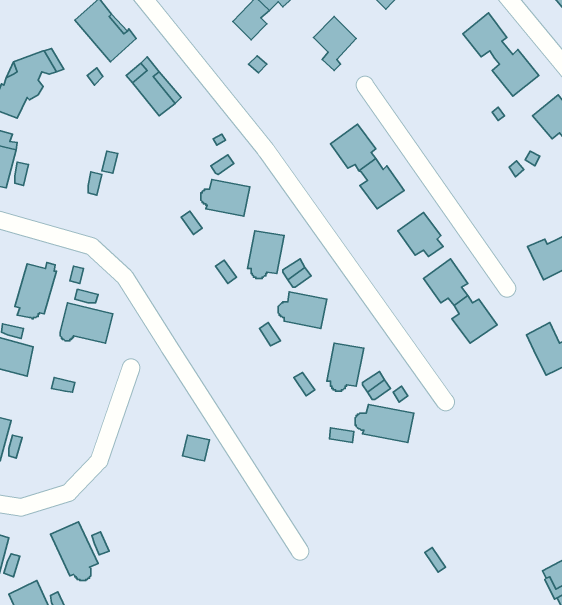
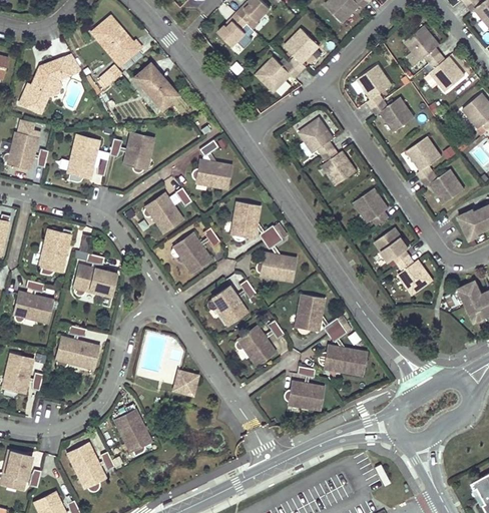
building: none -> [256,56,300,92]
building: none -> [358,64,415,132]
building: none -> [123,132,154,173]
building: none -> [67,134,100,180]
building: none -> [408,136,465,204]
building: none -> [145,191,186,231]
building: none -> [172,230,213,272]
building: none -> [209,285,250,325]
building: none -> [235,323,277,364]
building: none -> [57,335,99,369]
building: none -> [280,379,321,409]
building: none -> [111,404,148,454]

